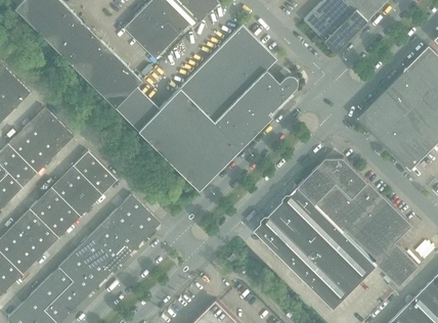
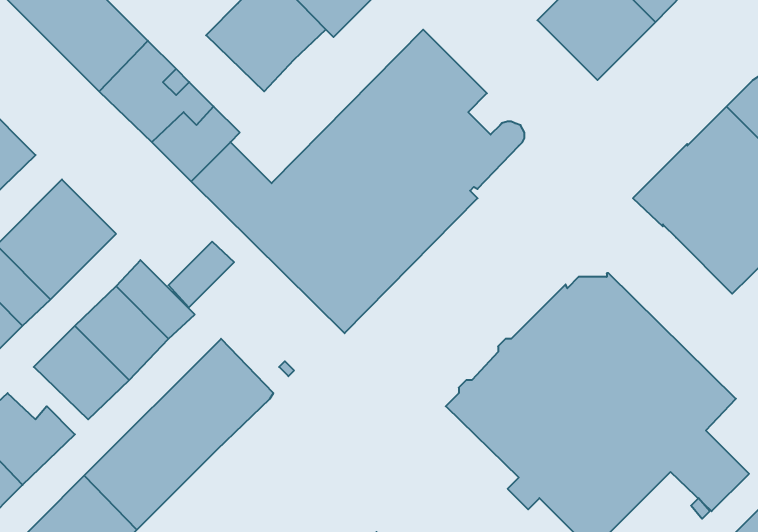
building: none -> [168,242,234,307]
building: [14,210,58,246] -> none

